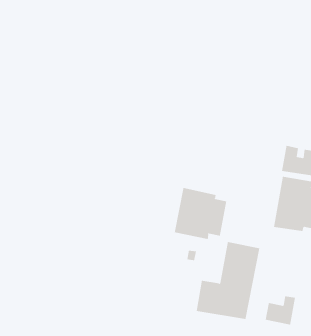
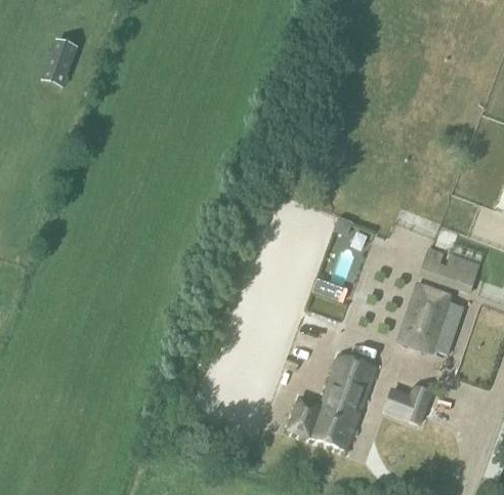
building: [174,187,227,240] -> none
building: [265,296,296,325] -> [388,387,430,424]

